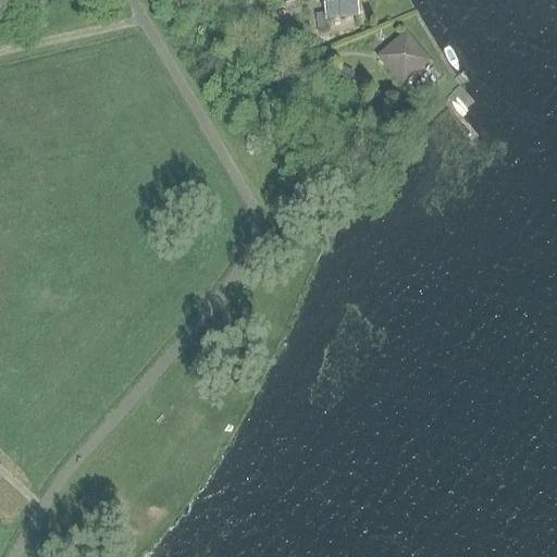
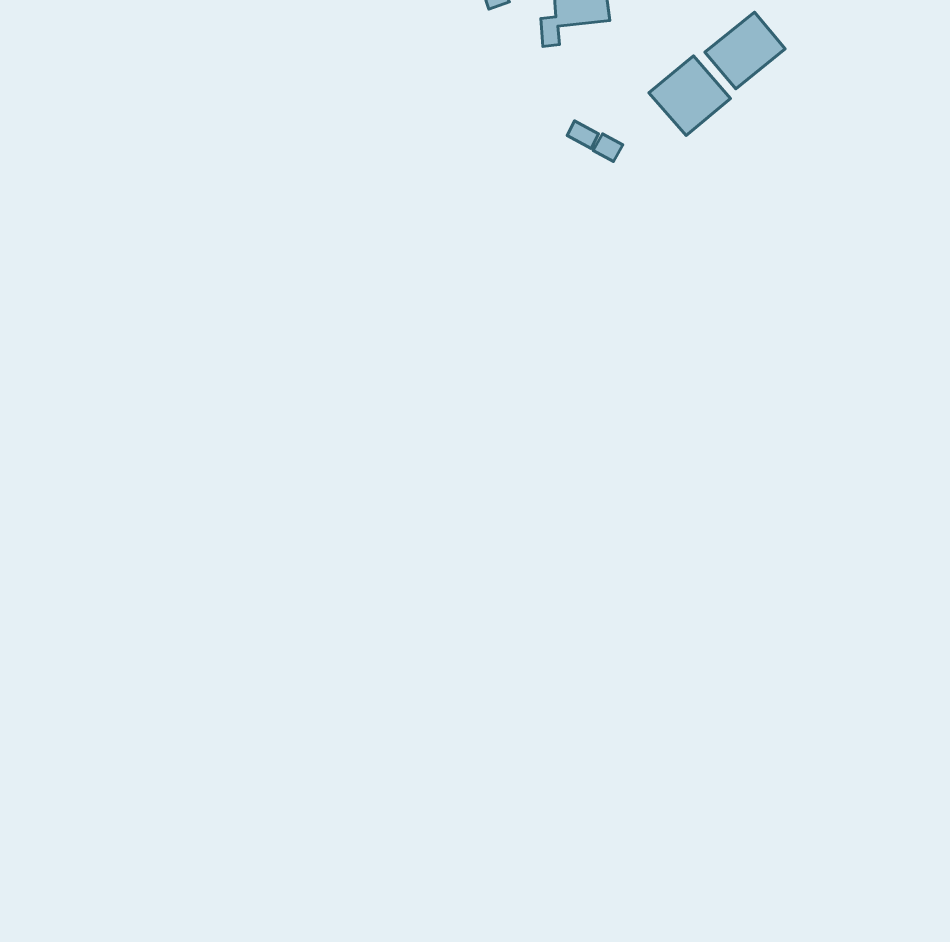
building: none -> [705,12,785,89]

